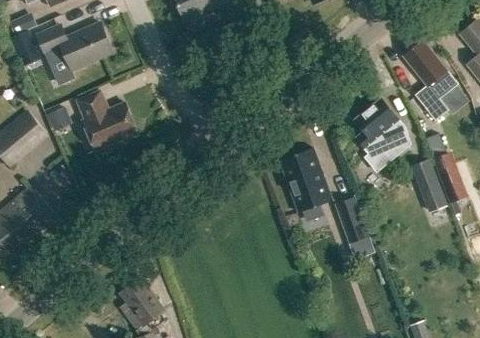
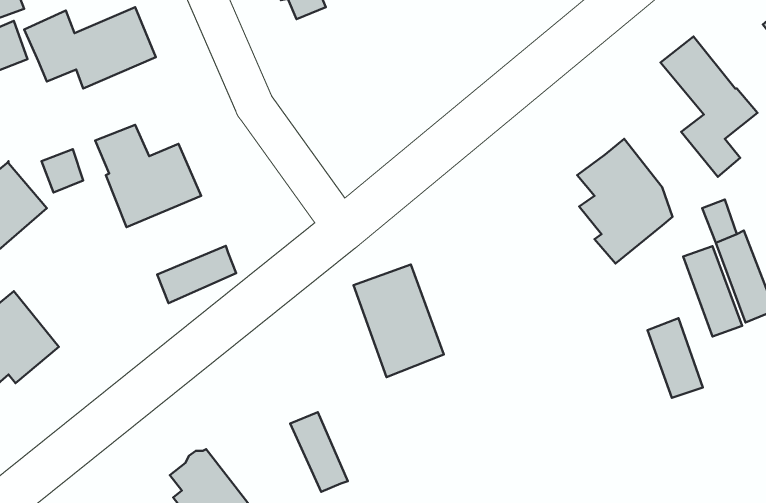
building: [279,148,331,213] -> [354,264,444,377]
building: none -> [157,246,236,303]
building: [335,197,367,243] -> [647,318,703,398]
building: none -> [290,412,348,492]

